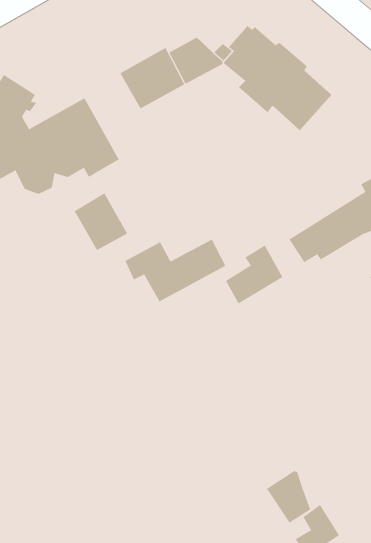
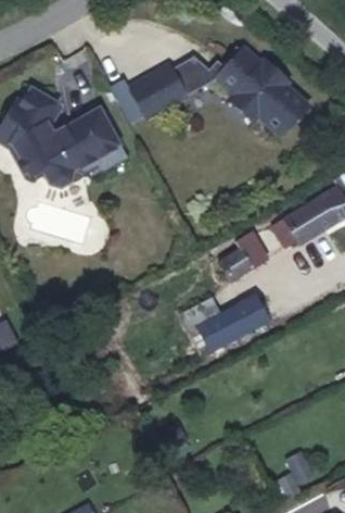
building: [74,192,128,251] -> none
building: [124,239,226,302] -> [182,297,268,350]
building: [266,470,311,524] -> none

